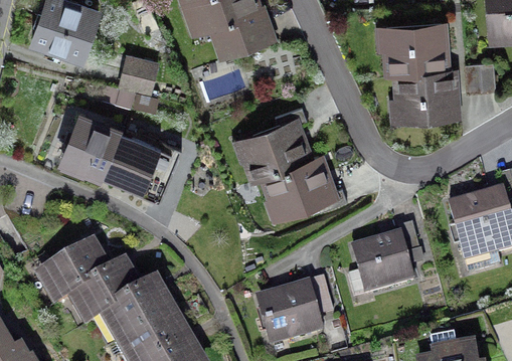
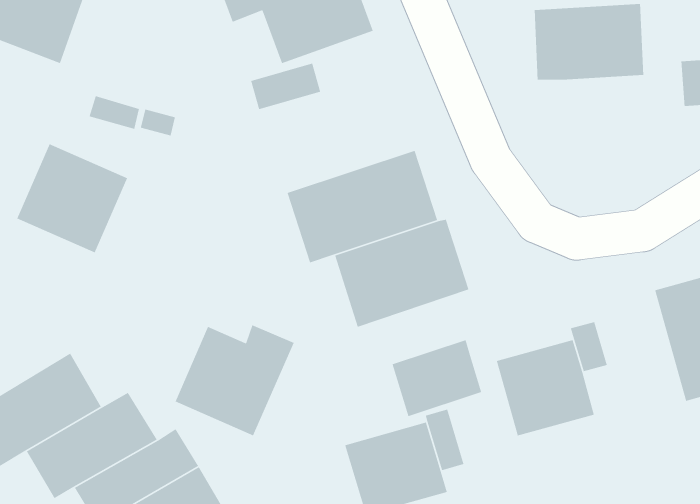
building: [122,51,157,86] -> none
building: [393,68,462,122] -> none
building: [109,130,182,198] -> [175,324,295,436]
building: none -> [391,339,482,417]

